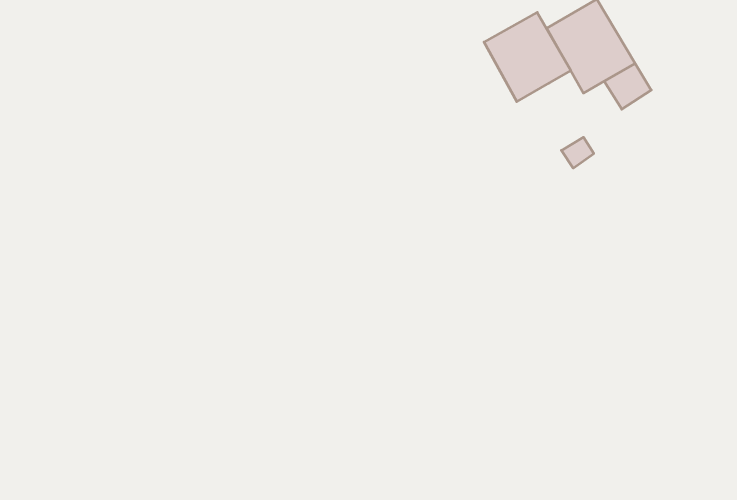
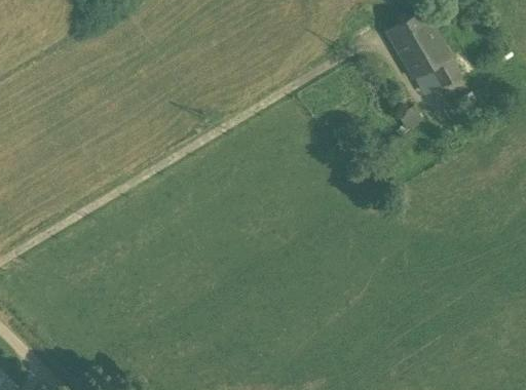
building: [484,12,571,102] -> none

